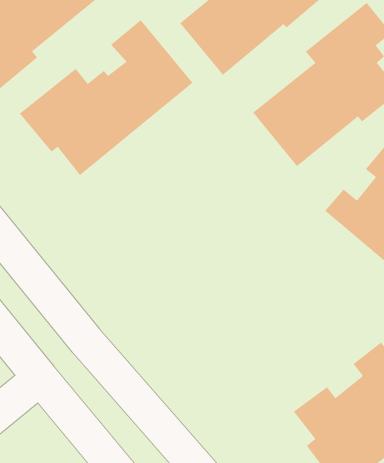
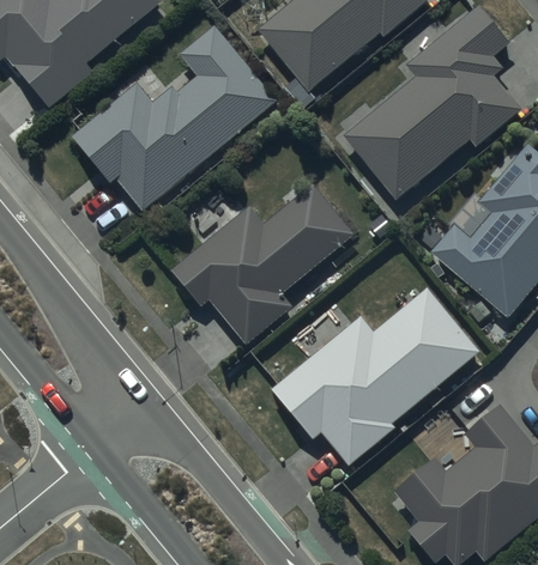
building: none -> [171,183,355,342]
building: none -> [271,286,479,464]

